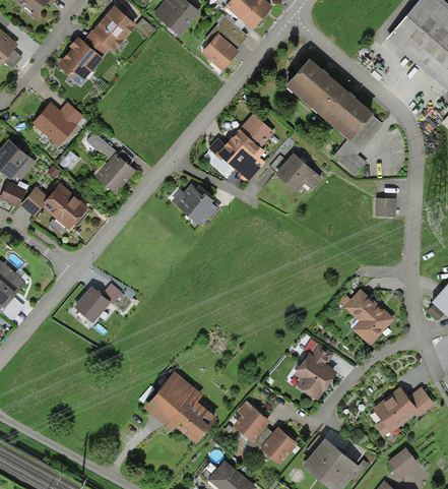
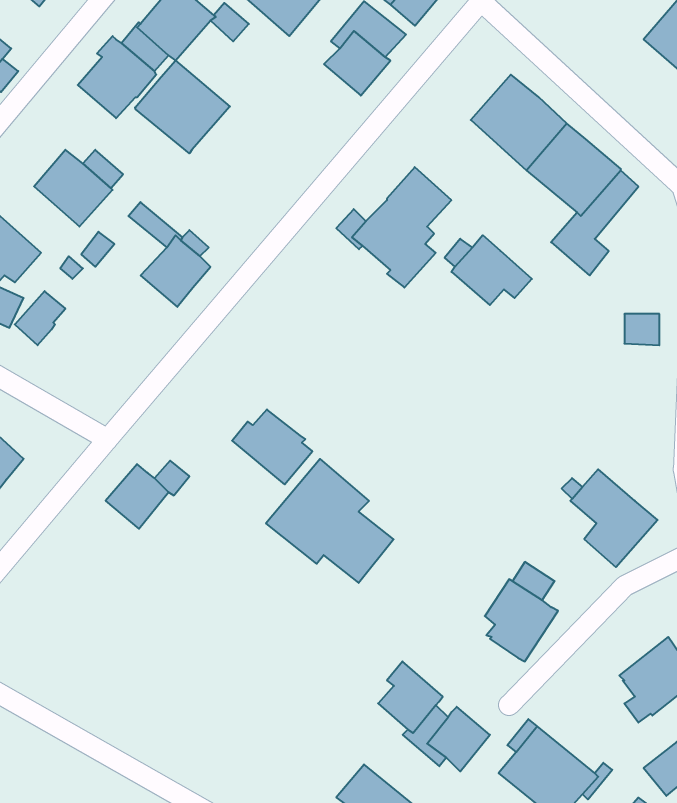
building: none -> [135,61,230,153]
building: [42,183,88,230] -> none
building: [171,183,217,227] -> [232,409,312,484]
building: [142,371,216,443] -> [266,459,394,583]

